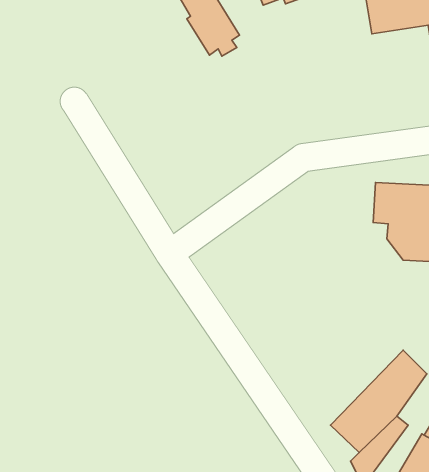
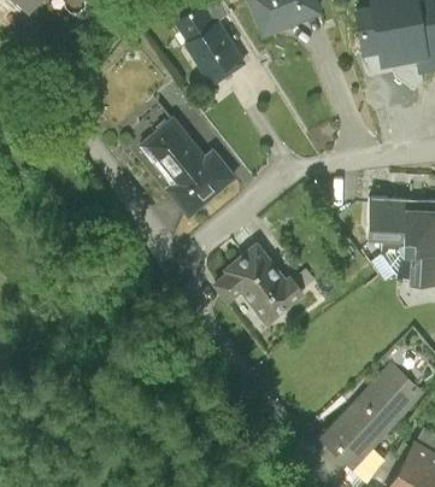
building: none -> [135,110,234,211]
building: none -> [214,245,304,321]

